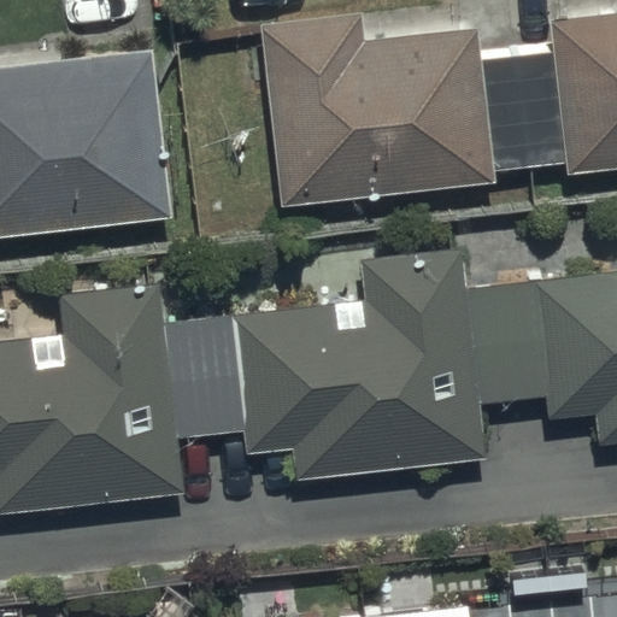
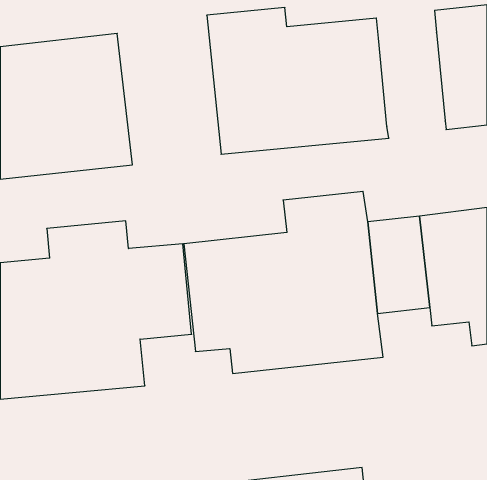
building: [478,49,563,169] -> none

